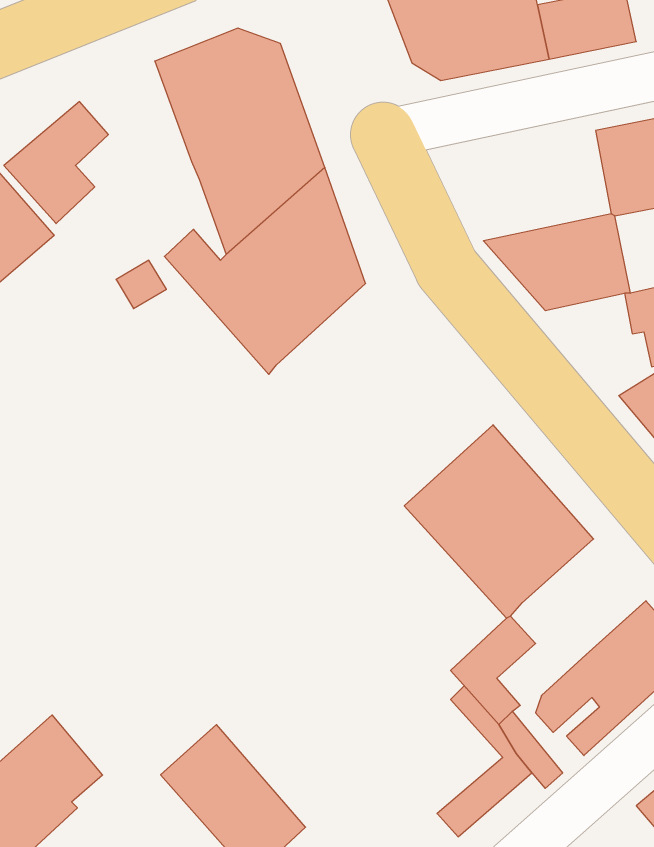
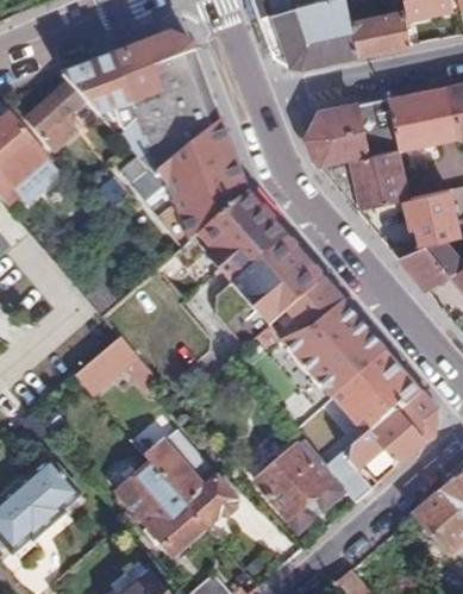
building: none -> [65,55,159,177]
building: none -> [305,98,396,165]
building: none -> [190,192,324,329]
building: none -> [76,336,163,396]
building: none -> [342,349,418,420]
building: none -> [133,424,240,526]
building: none -> [258,448,330,518]

